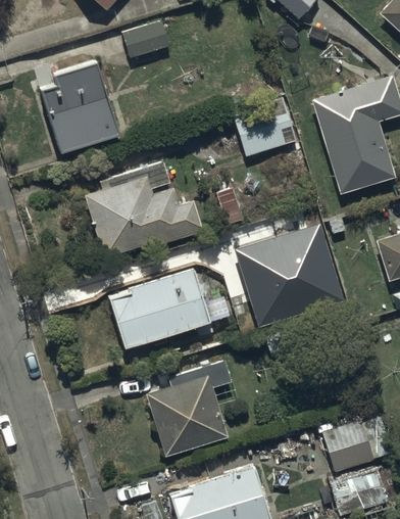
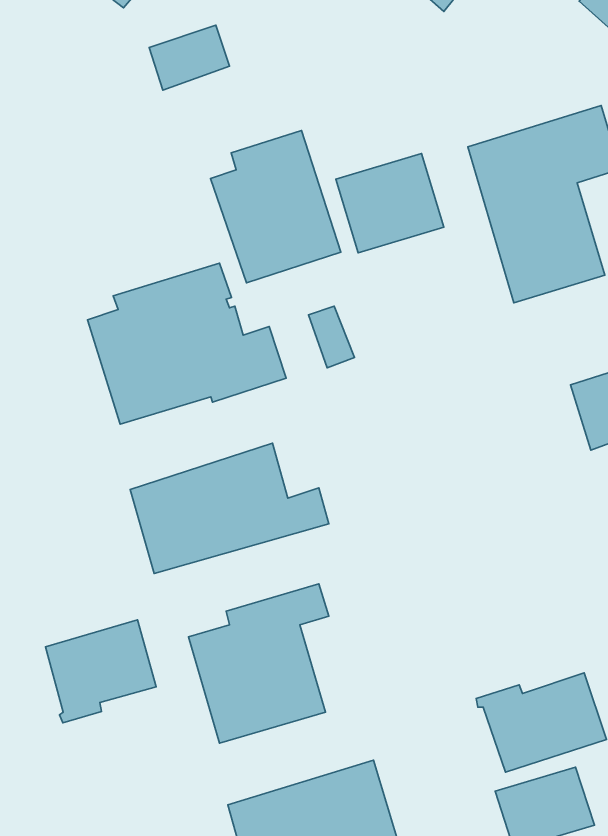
building: [40,66,117,157] -> [211,130,341,283]
building: [236,225,346,330] -> none
building: none -> [45,620,156,723]

